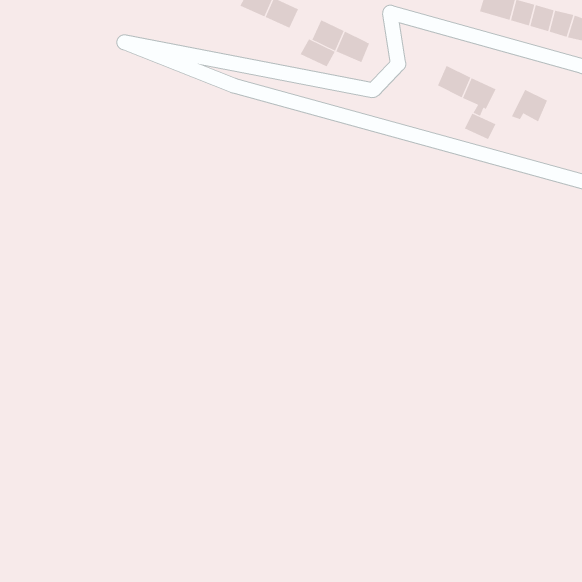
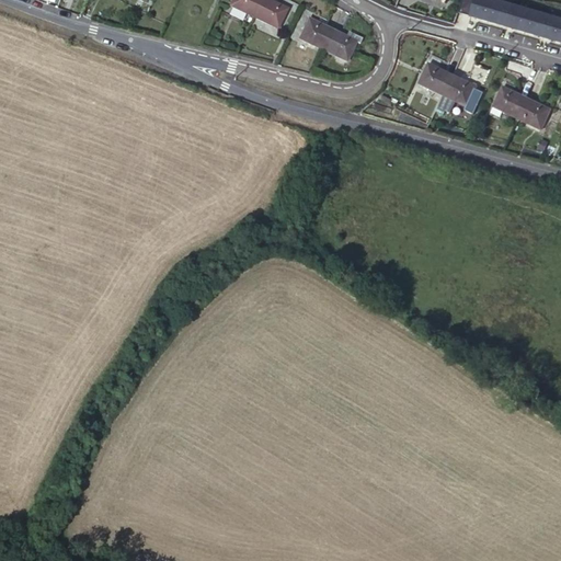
building: [300,39,336,67] -> none
building: none -> [518,96,551,128]
building: [464,113,496,140] -> none

